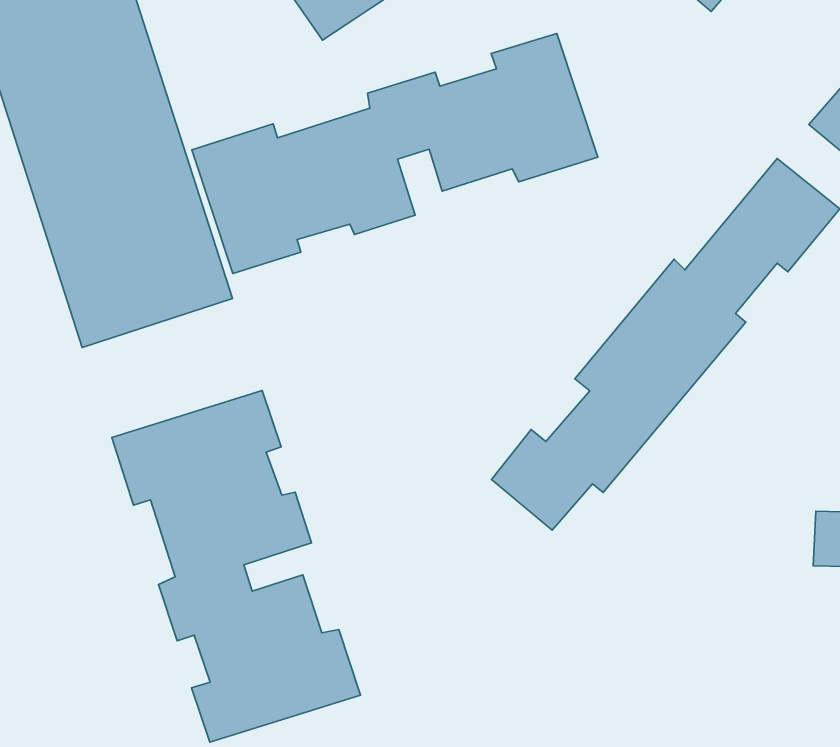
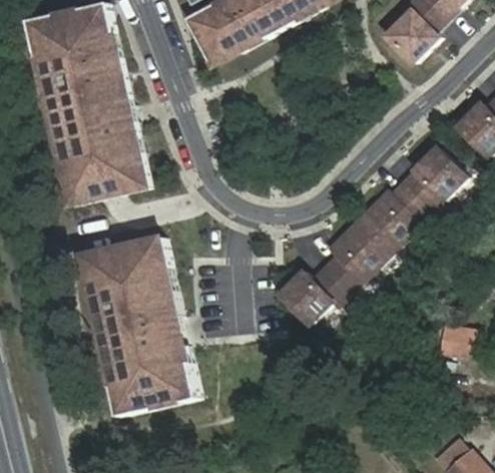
building: [192,33,598,273] -> none

